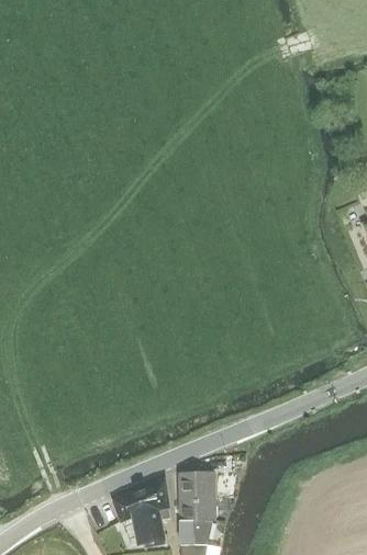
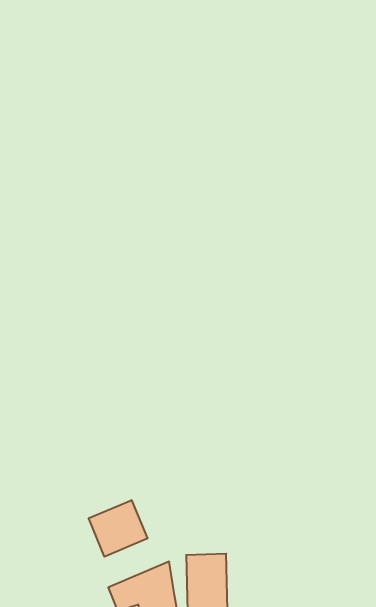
building: none -> [89,500,147,557]

